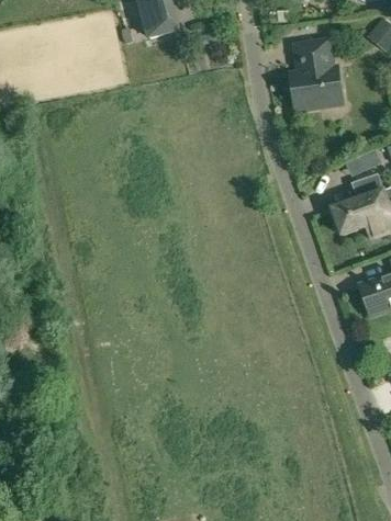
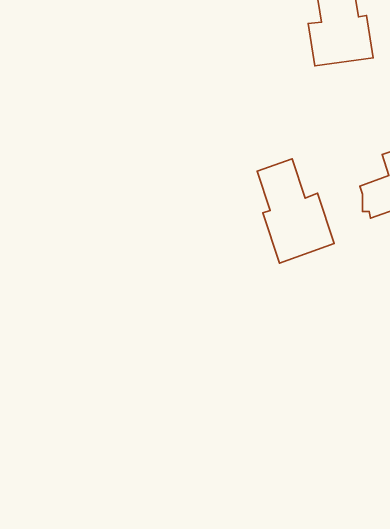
building: none -> [257,159,334,263]

